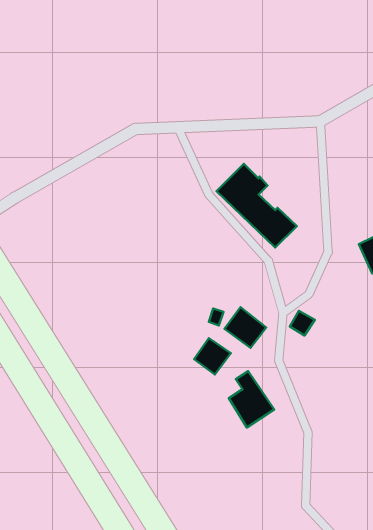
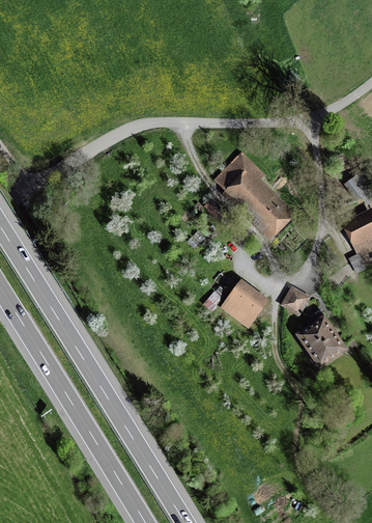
building: [194,338,231,374] -> none
building: [229,371,274,428] -> [303,309,344,361]

